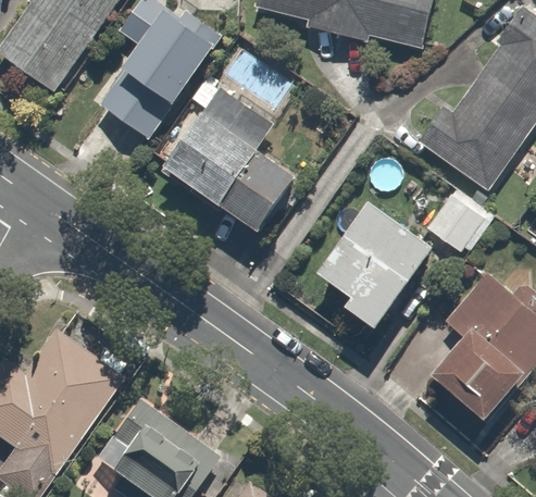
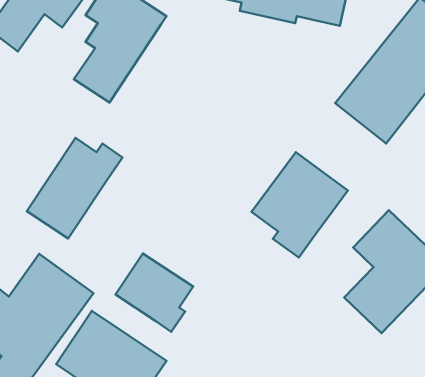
building: [158,72,297,234] -> none
building: none -> [27,138,123,238]
building: [426,192,489,257] -> none
building: none -> [116,253,193,332]

